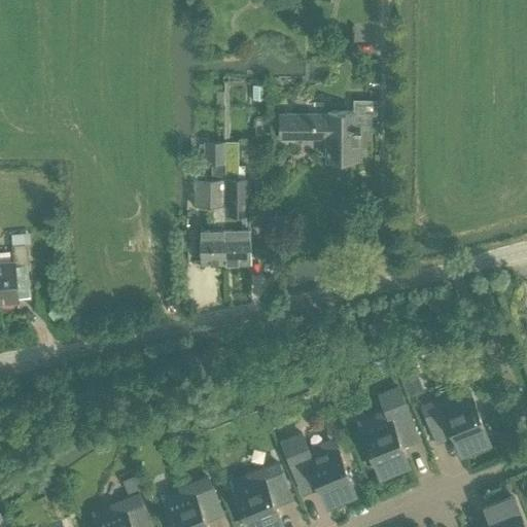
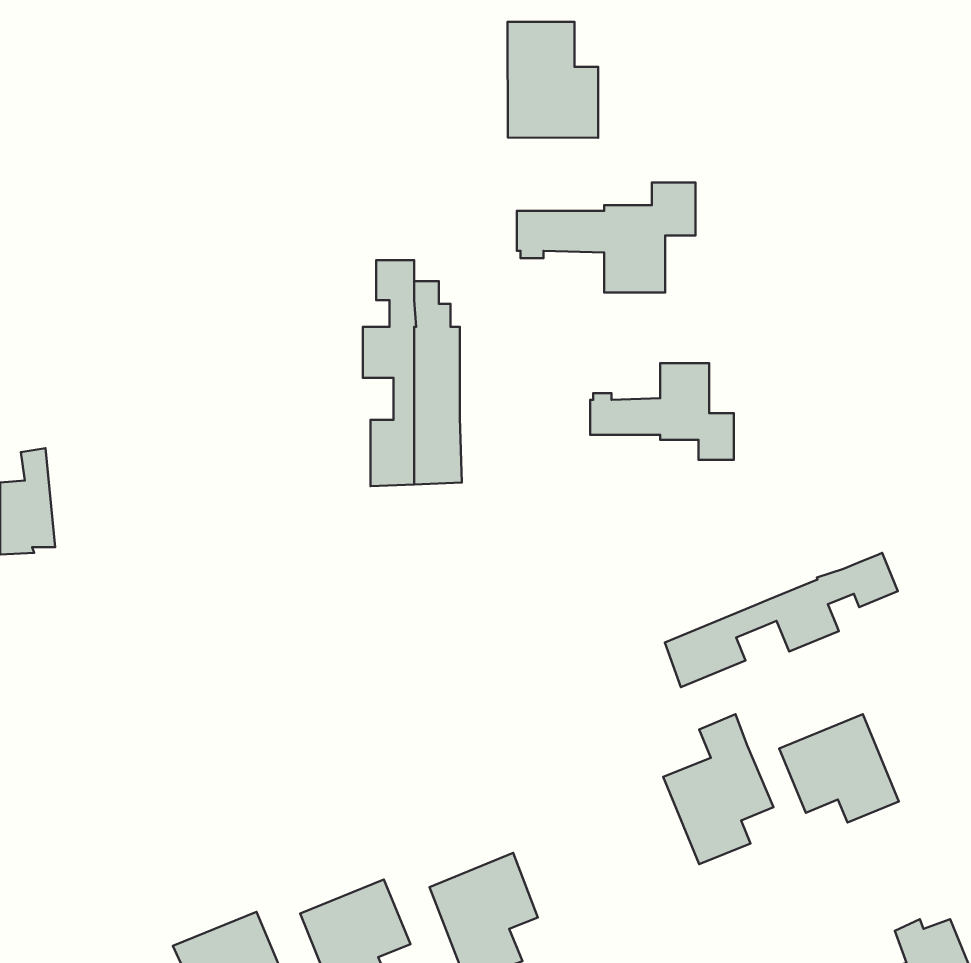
building: none -> [507,22,598,138]
building: none -> [590,363,734,460]
building: none -> [665,553,898,687]
building: [282,437,353,501] -> none

